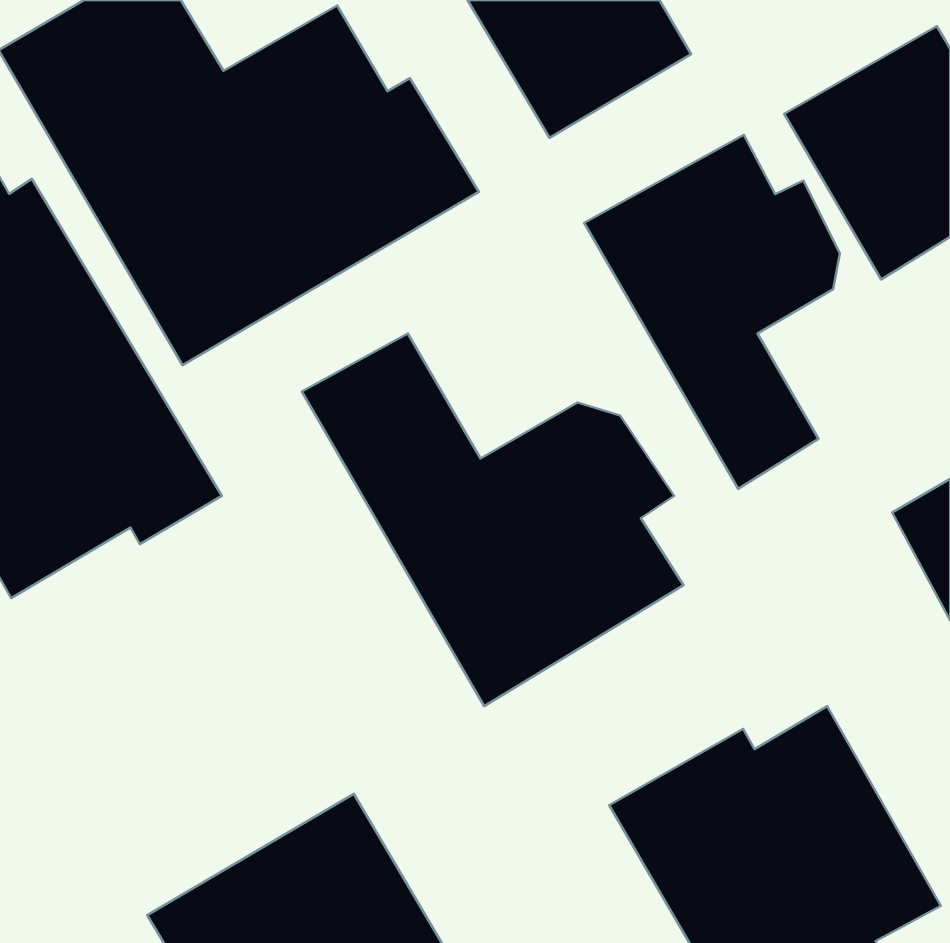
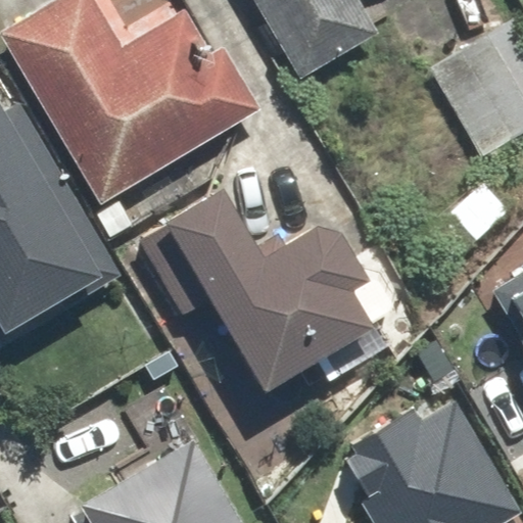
building: [584,135,840,489] -> none

